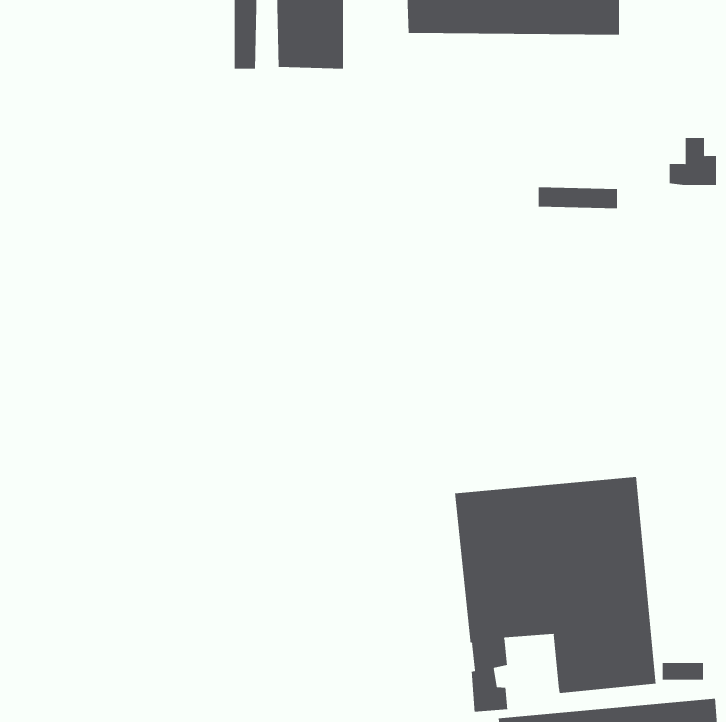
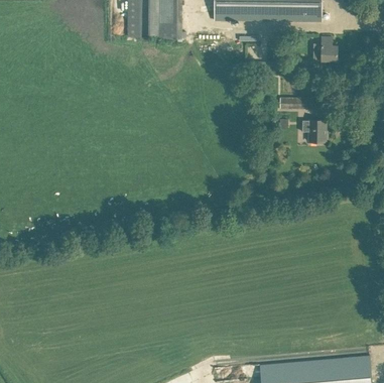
building: [669,138,717,186] -> [312,36,337,60]
building: none -> [301,120,325,141]
building: [454,476,656,713] -> none

